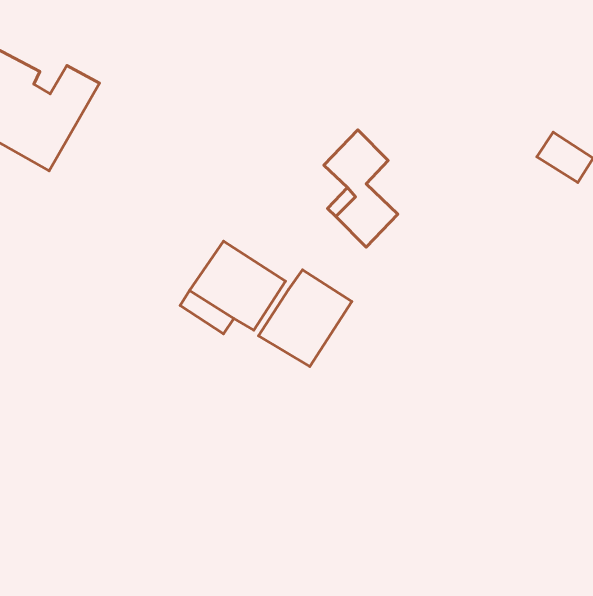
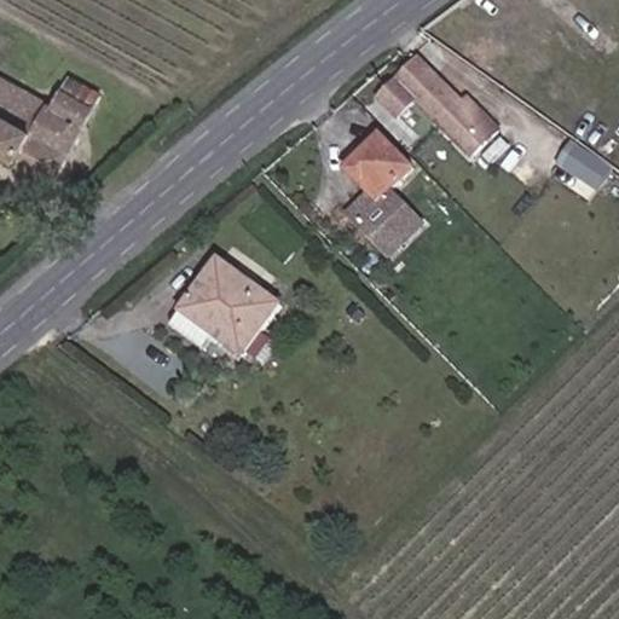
building: none -> [369,63,501,160]
building: [258,270,352,367] -> none

